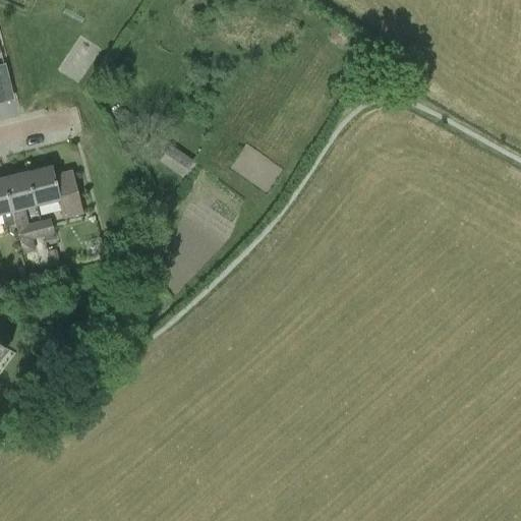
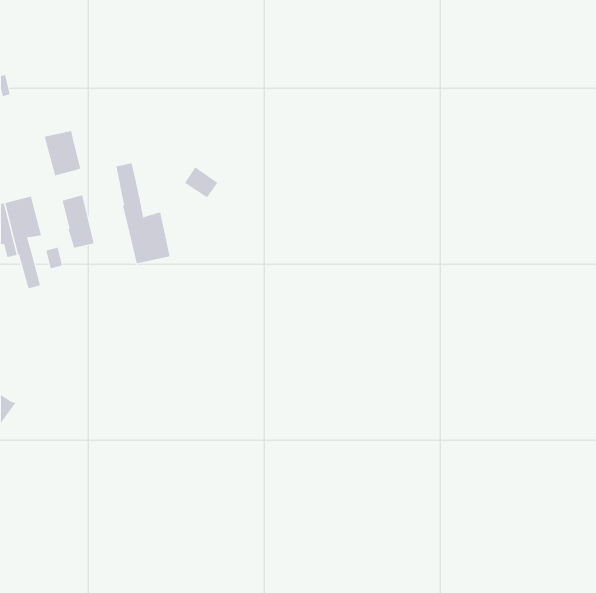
building: none -> [116,162,170,264]
building: [27,166,60,206] -> [44,131,81,176]

